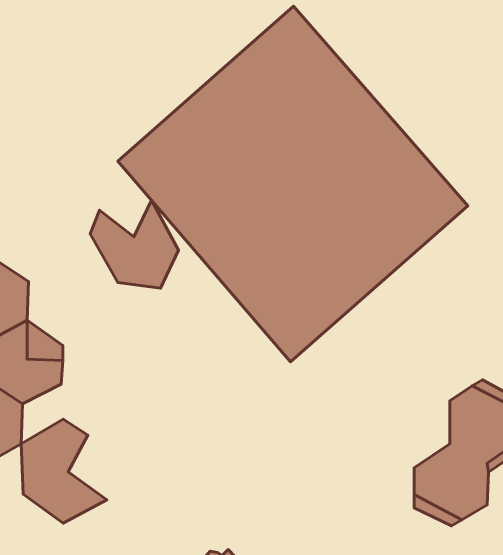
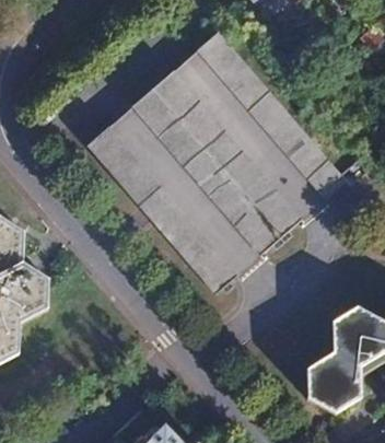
building: [90,200,179,288] -> none
building: [21,419,107,523] -> none

